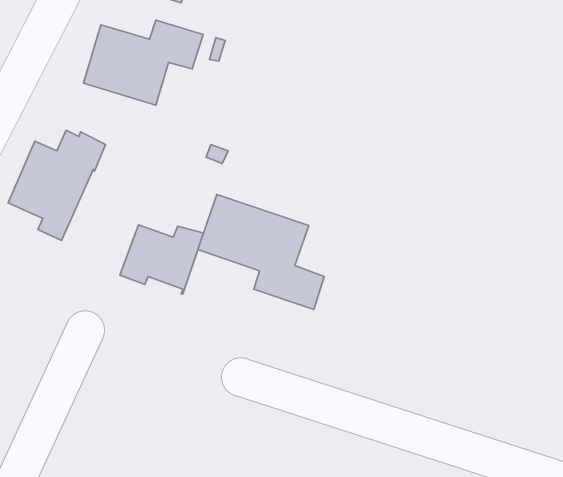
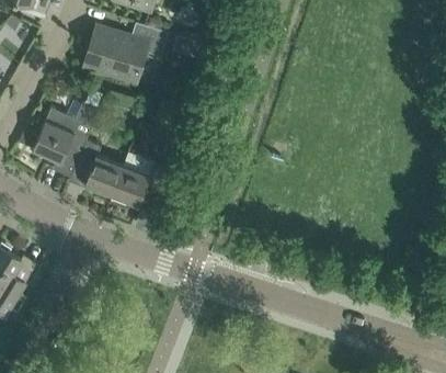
building: none -> [69,139,123,201]
building: [198,194,324,310] -> none

